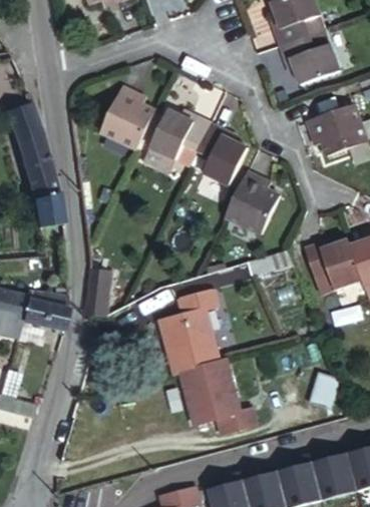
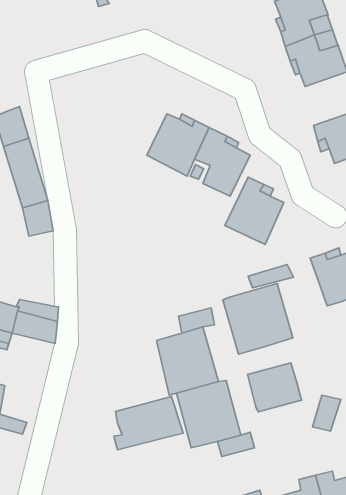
building: [99,86,154,151] -> none
building: [85,268,110,315] -> none
building: none -> [223,283,293,354]
building: none -> [247,363,302,412]
building: none -> [114,396,183,450]

